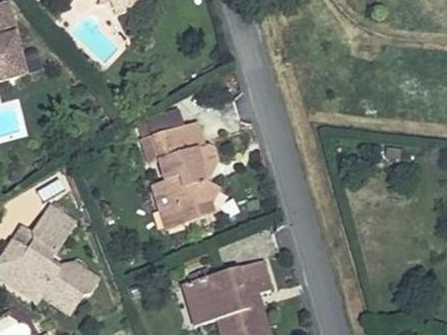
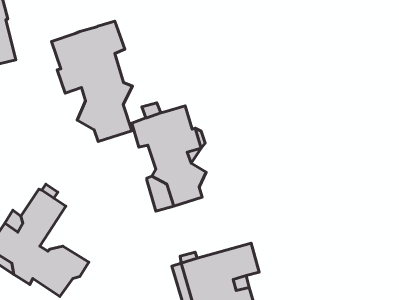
building: none -> [52,21,132,141]

